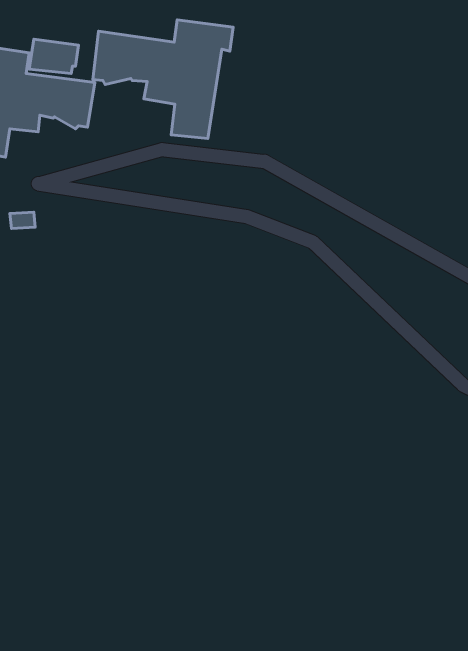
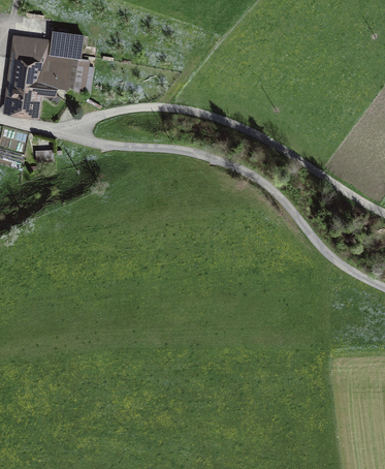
building: [93,20,233,139] -> none

